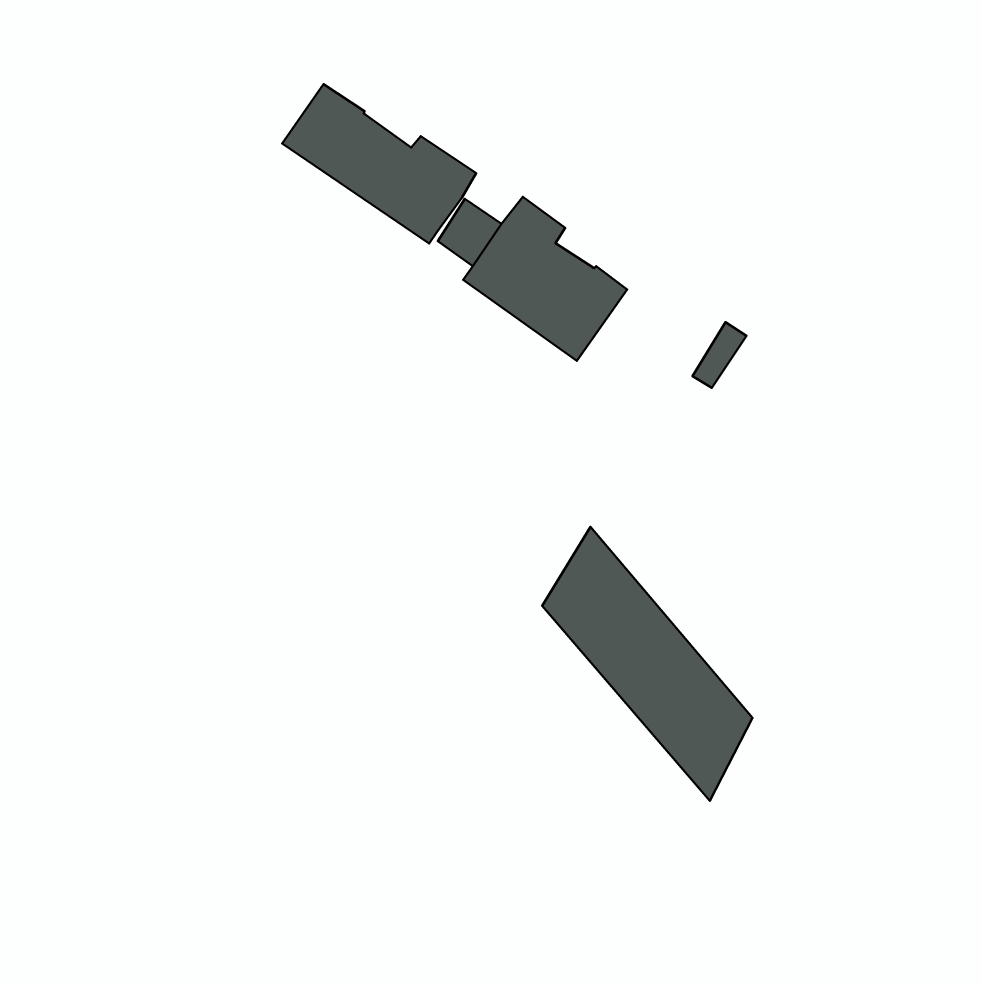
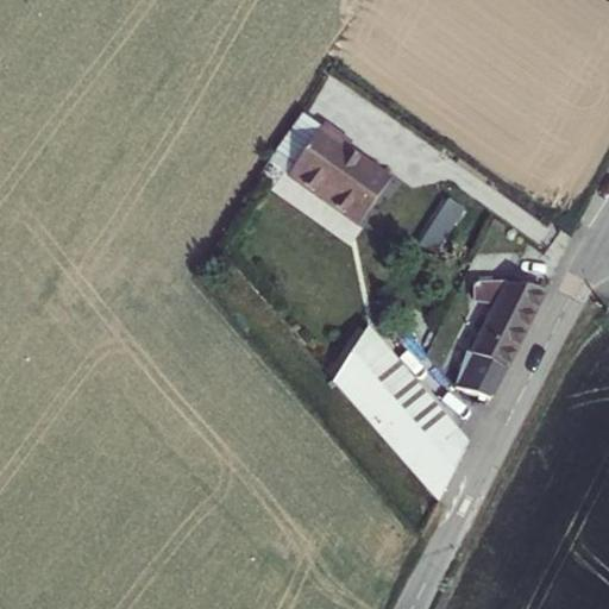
building: [282,84,476,244] -> none
building: none -> [454,278,545,396]

